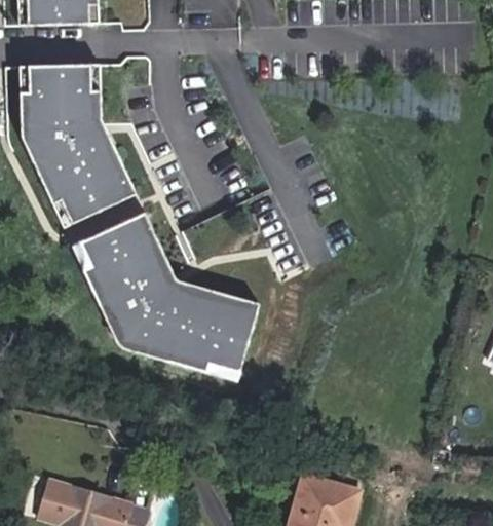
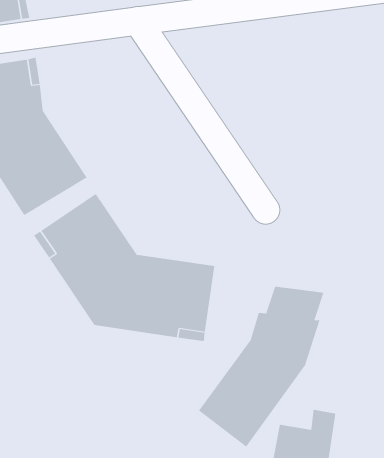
building: none -> [198,286,324,448]

